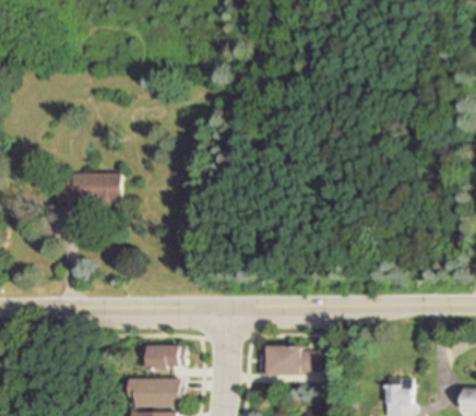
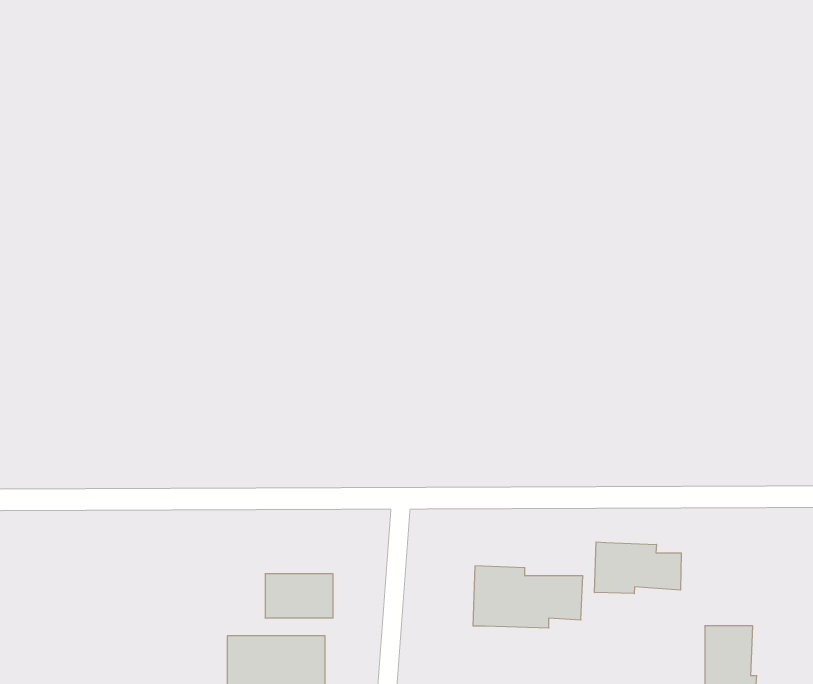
building: [53,169,120,203] -> none
building: none -> [595,542,681,594]

